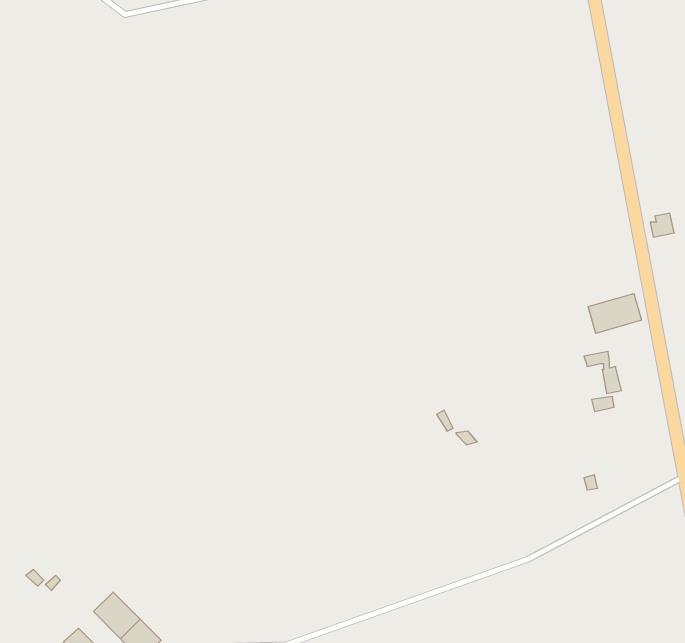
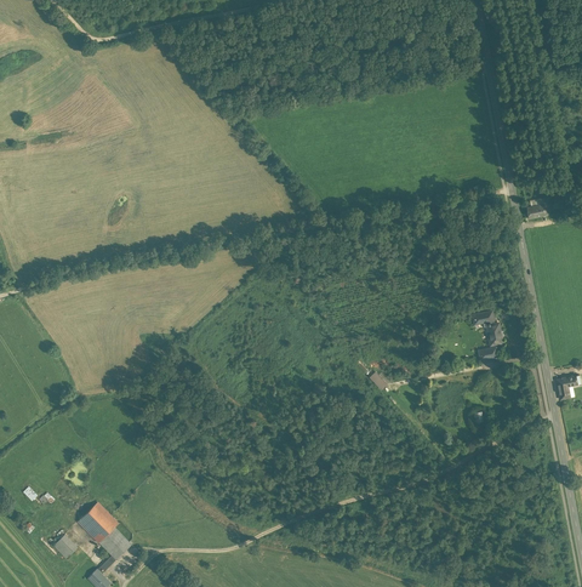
building: [588,294,641,333] -> none

